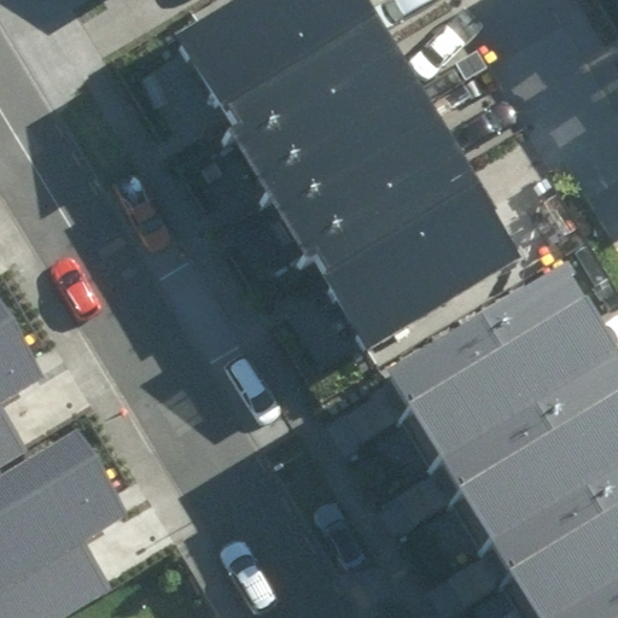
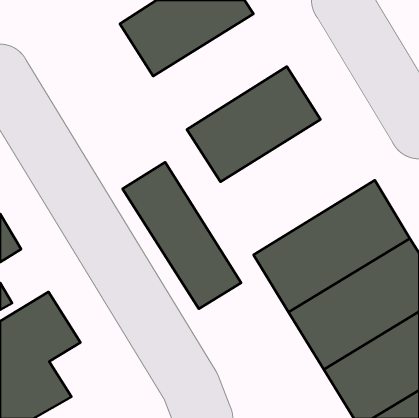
building: [226,22,422,192] -> none
building: [325,177,521,348] -> none
building: none -> [123,162,241,309]

